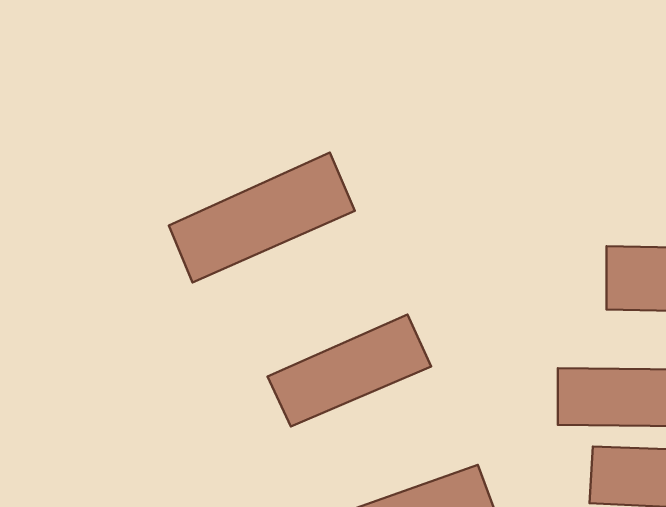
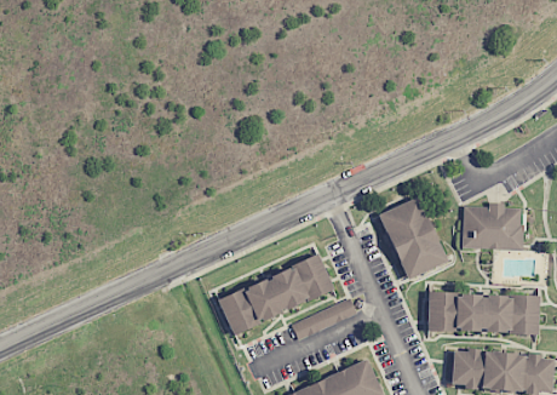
building: [169,153,355,282] -> none
building: none -> [379,196,447,280]
building: none -> [291,298,357,340]

